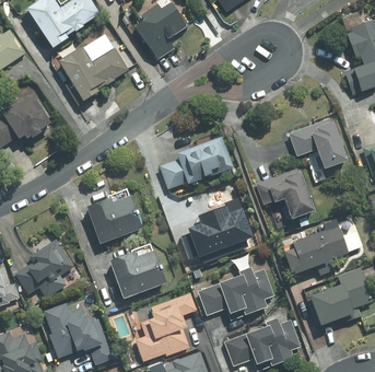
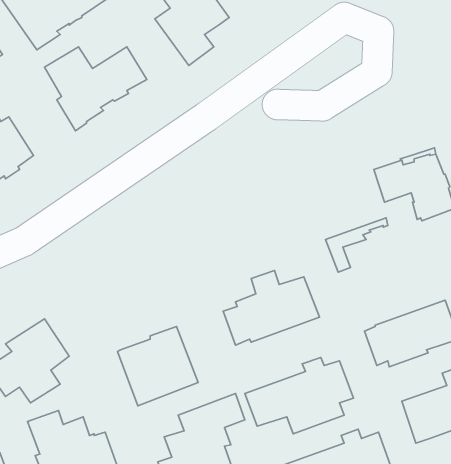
building: [160,136,234,188] -> none
building: [267,173,313,220] -> none
building: [84,189,141,245] -> none

